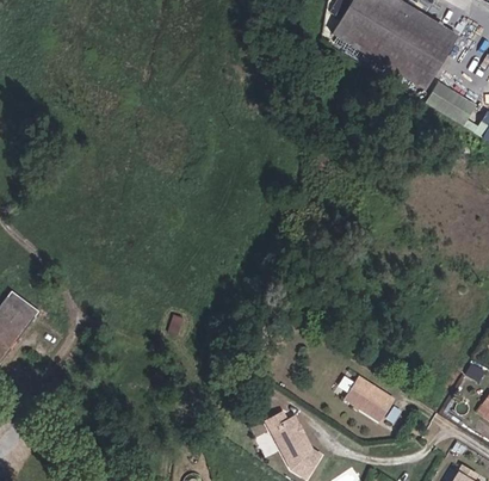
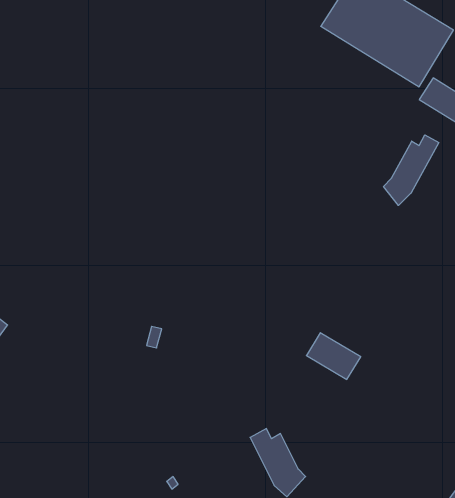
building: none -> [384,135,439,205]
building: [343,380,395,424] -> [306,333,361,379]

